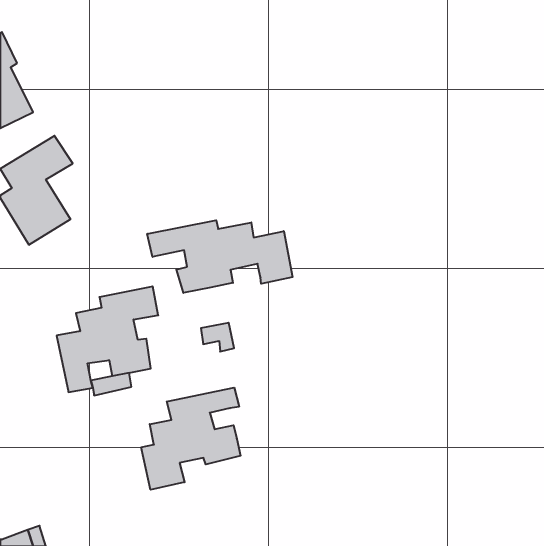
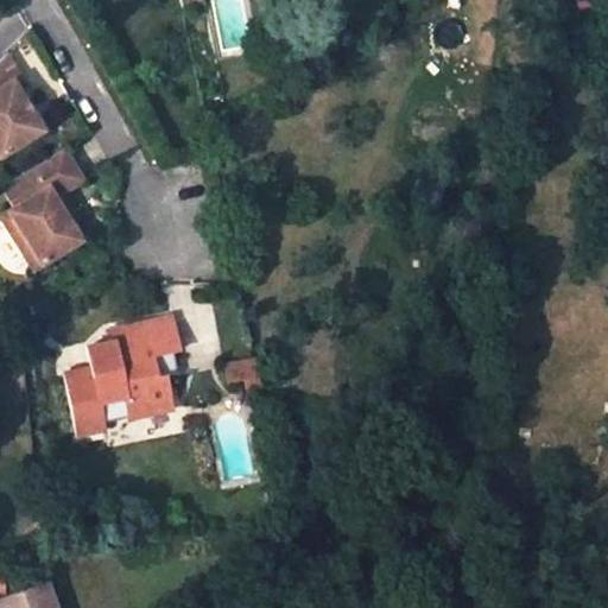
building: [147,220,293,293] -> none
building: [141,388,241,490] -> none

